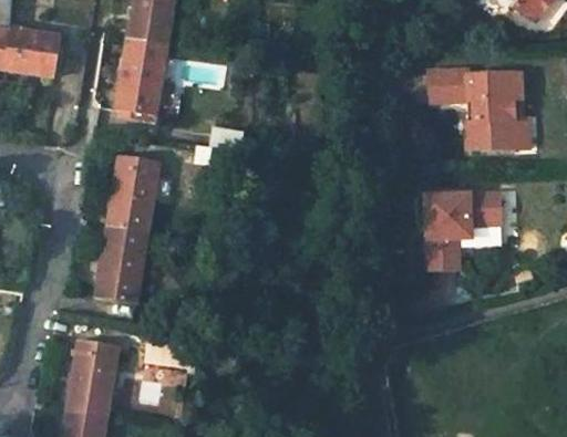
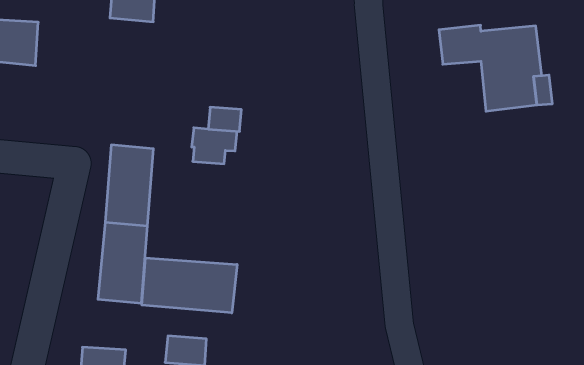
building: [115,38,166,115] -> none
building: [425,195,502,273] -> none
building: none -> [142,258,237,313]

